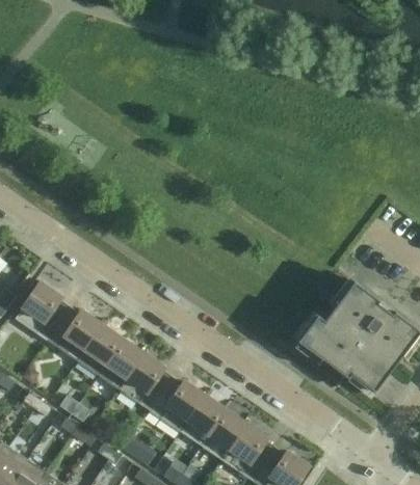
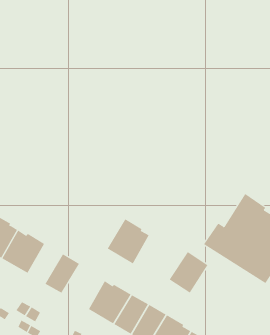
building: [78,325,123,375] -> none
building: none -> [169,251,208,293]
building: [119,353,173,410] -> [107,219,150,264]

